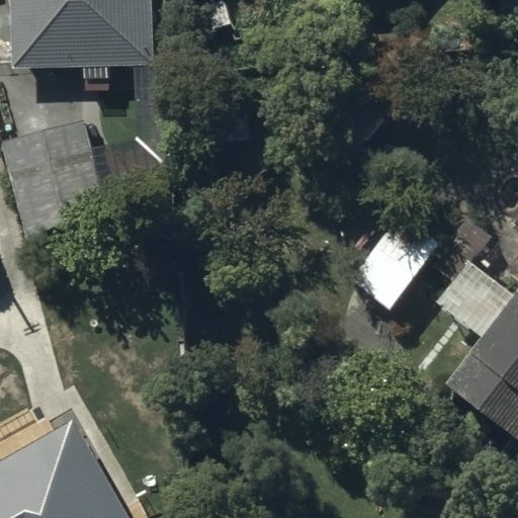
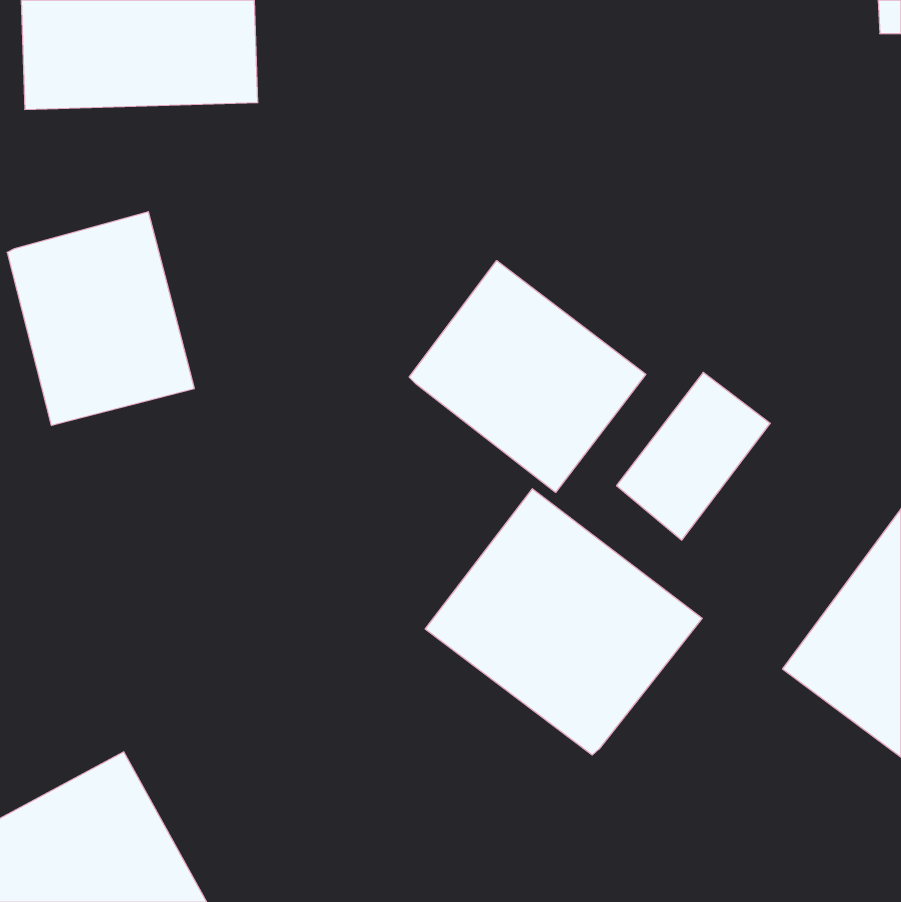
building: none -> [409,261,646,492]
building: none -> [425,489,702,755]

